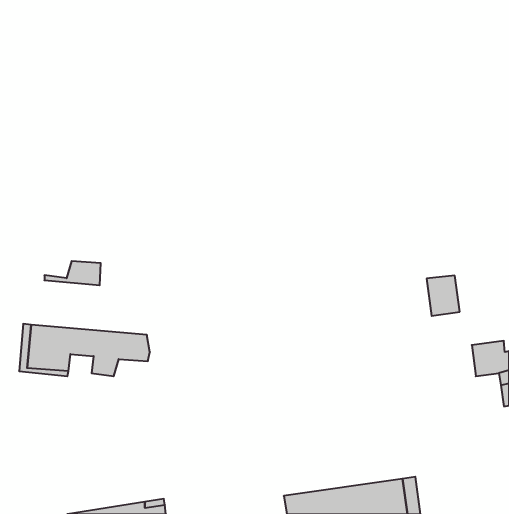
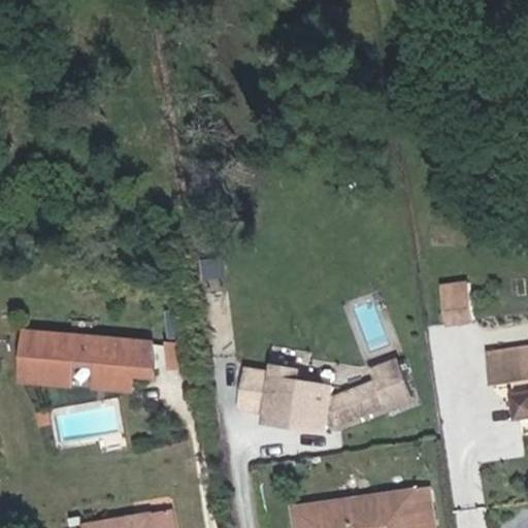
building: [44,261,101,285] -> [94,368,152,393]
building: none -> [238,361,409,432]

